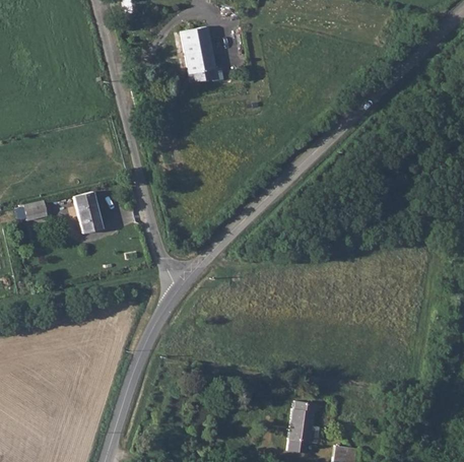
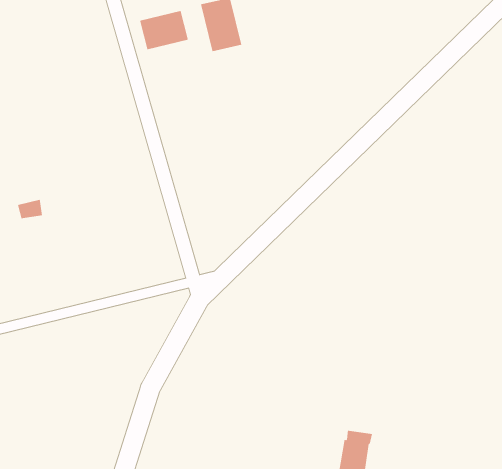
building: none -> [139,10,189,50]
building: [69,195,95,233] -> none

